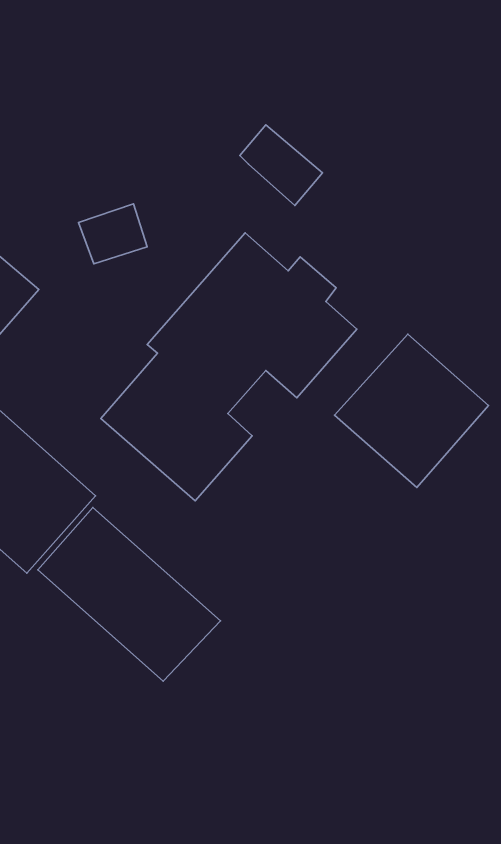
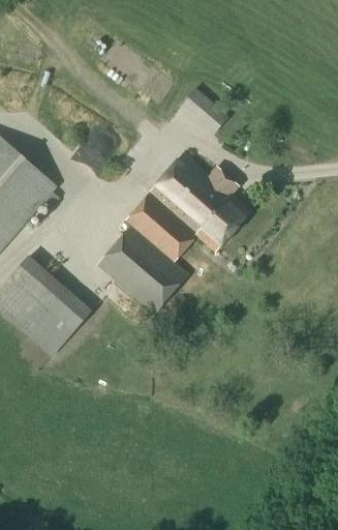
building: [334,334,489,487] -> none
building: [38,507,221,681] -> none

